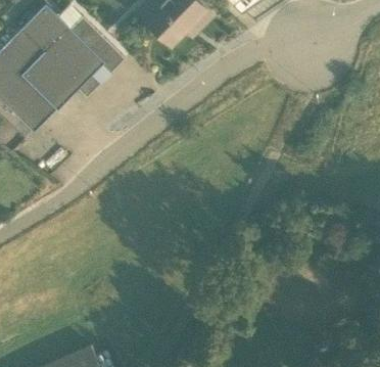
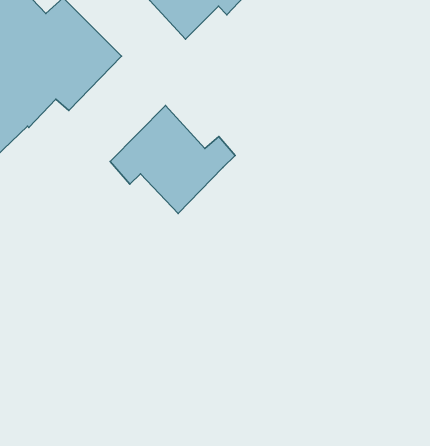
building: none -> [110,105,235,213]

